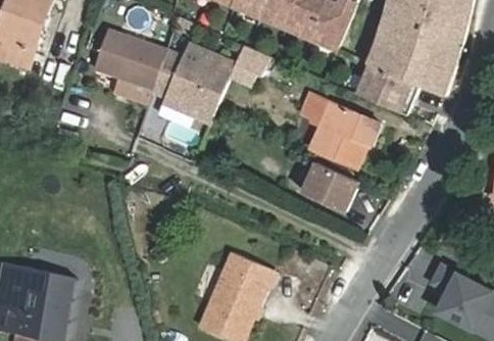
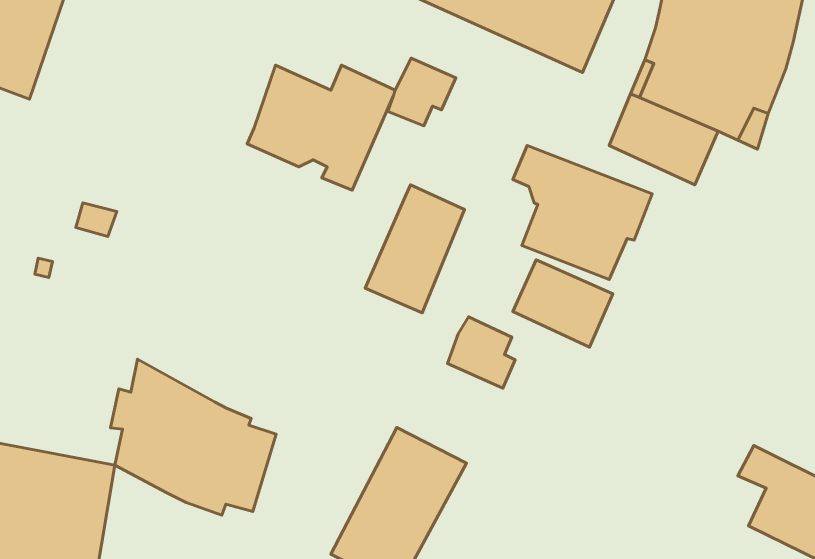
building: [96,26,166,84] -> none
building: none -> [365,185,465,313]
building: none -> [447,317,515,388]
building: none -> [111,359,276,515]

